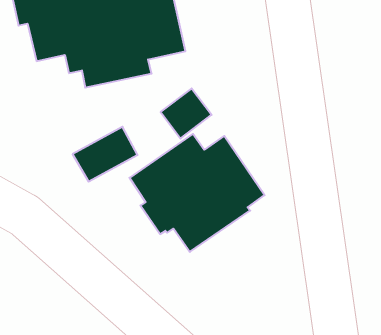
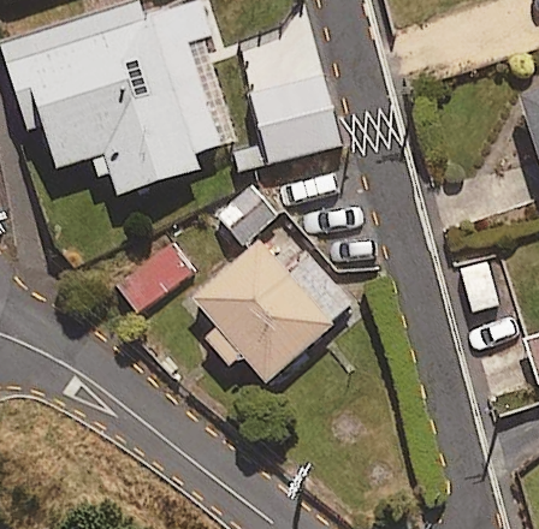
building: none -> [232,75,340,168]

